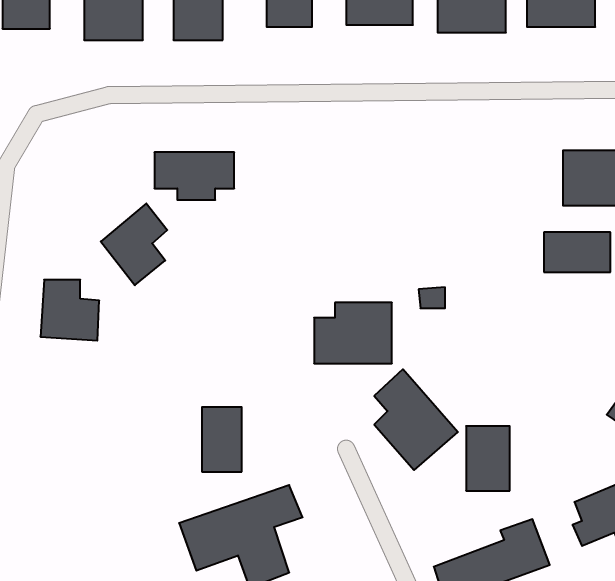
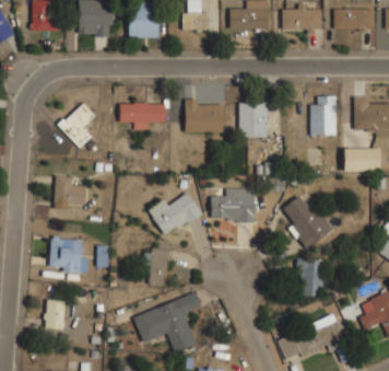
building: none -> [311,96,337,136]
building: none -> [186,98,223,132]
building: none -> [240,102,268,138]
building: [101,203,167,285] -> [59,102,97,149]
building: none -> [149,194,203,237]
building: [374,369,458,470] -> [285,193,333,251]
building: none -> [50,237,89,274]
building: none -> [45,300,66,329]

